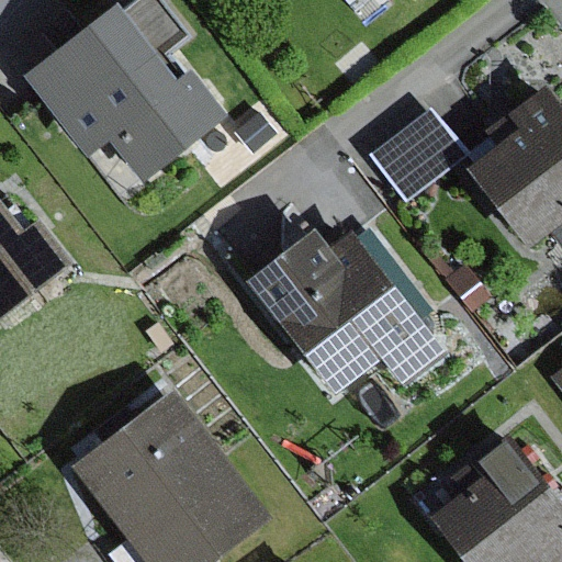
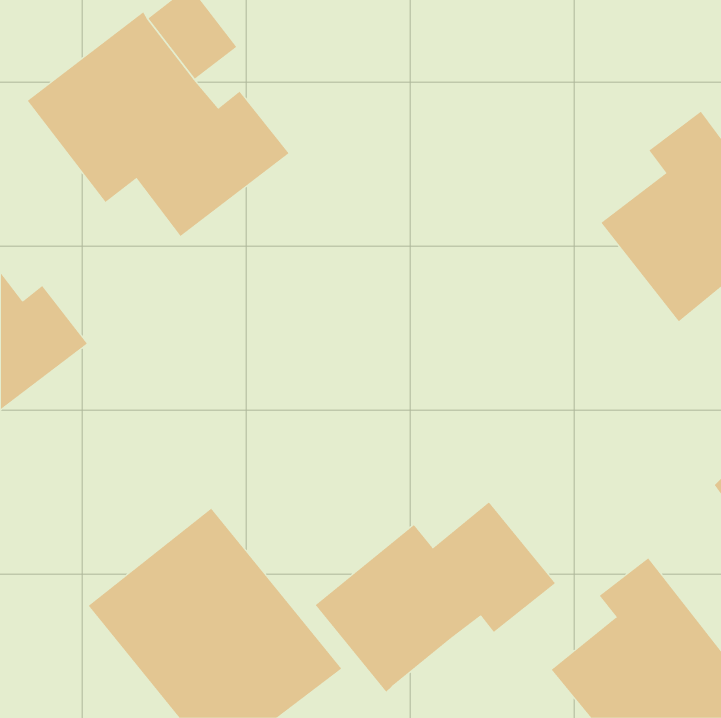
building: [372,106,468,200] -> none
building: [248,232,446,393] -> none
building: none -> [315,502,556,693]

